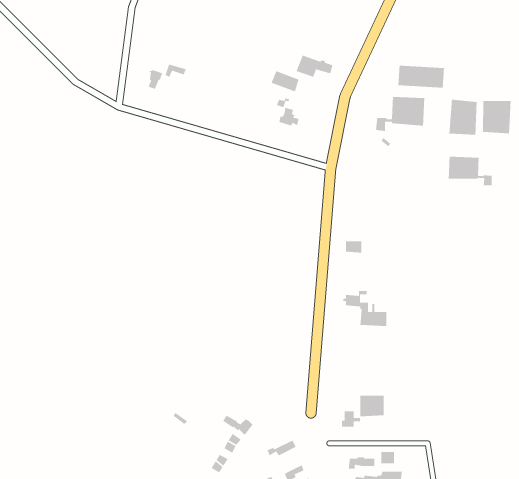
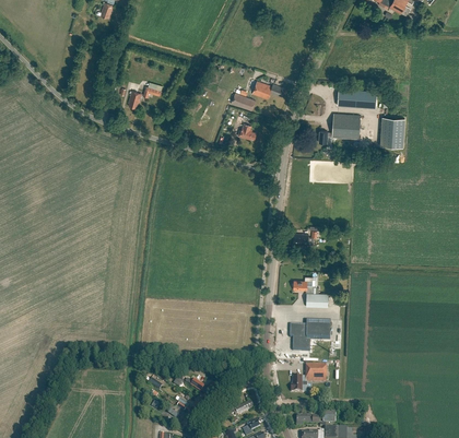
building: [482,100,512,134] -> none
building: [448,156,493,186] -> none
building: none -> [291,319,331,351]

